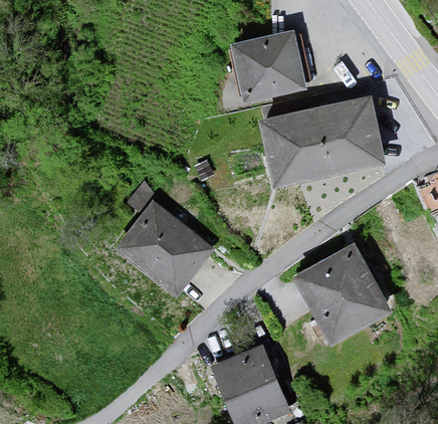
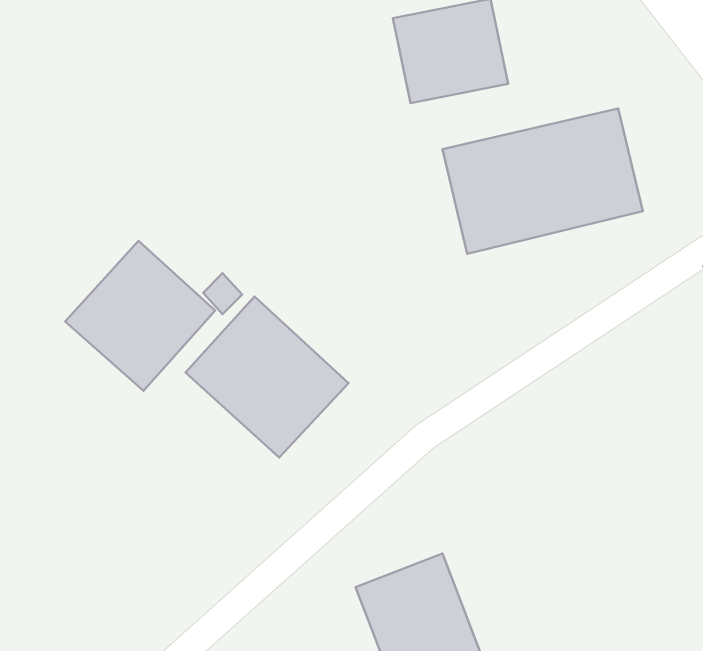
building: none -> [65,241,215,391]
building: [294,247,382,341] -> none

